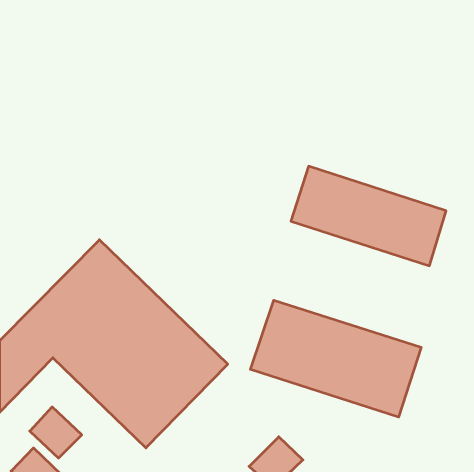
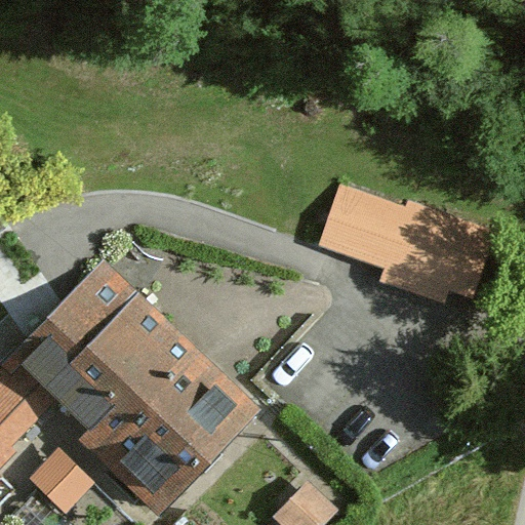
building: [250,300,421,417] -> none

